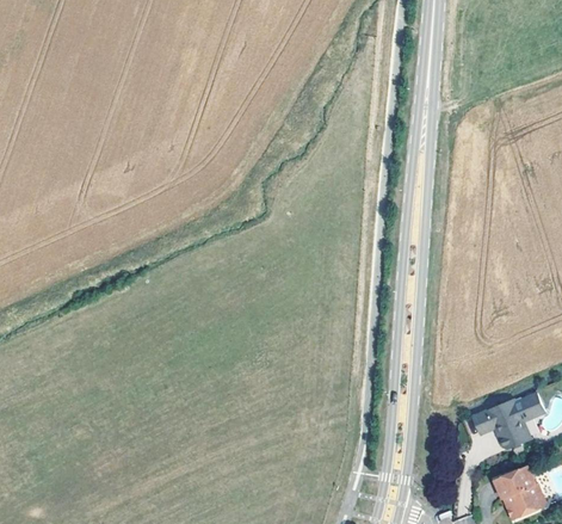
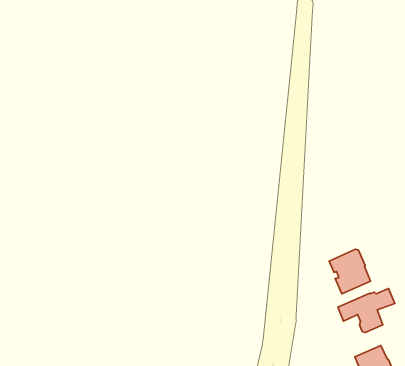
building: none -> [329,249,370,294]

